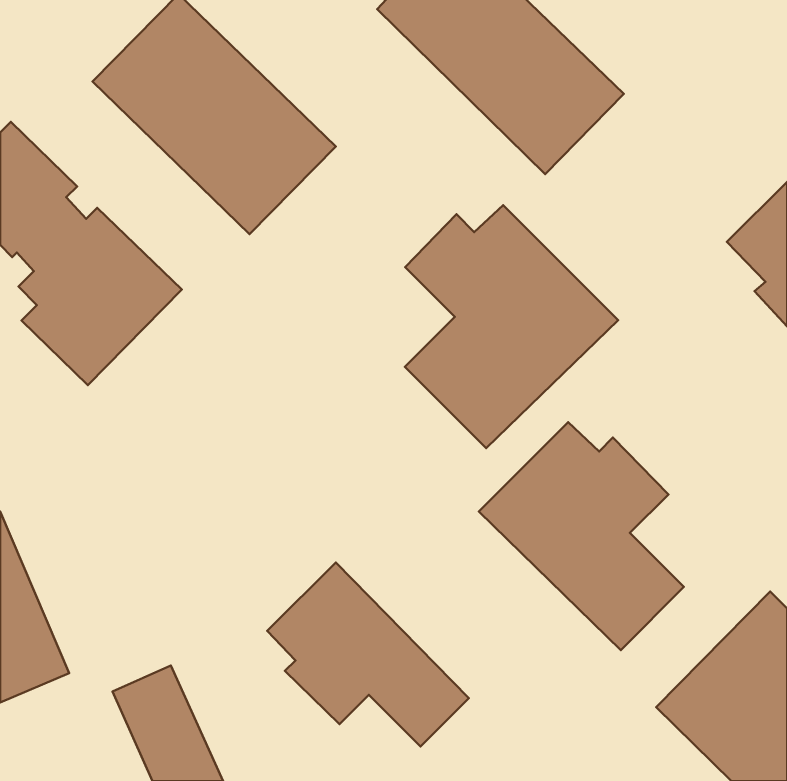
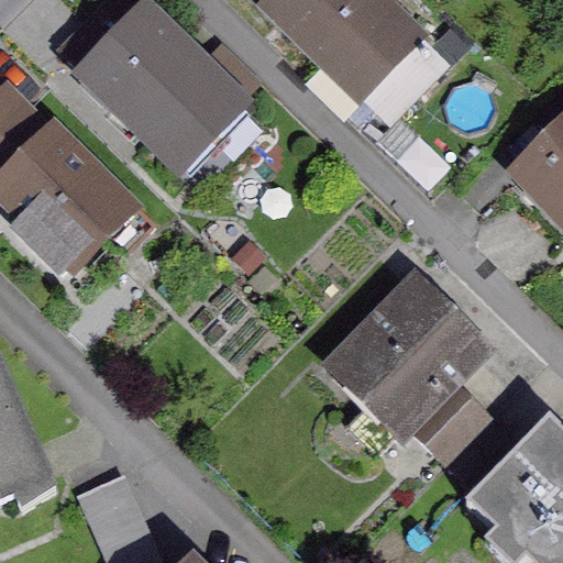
building: [405,205,618,448] -> none
building: [267,563,469,746] -> none

